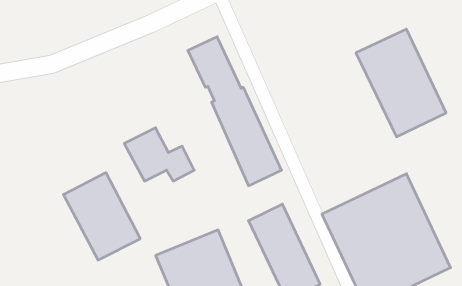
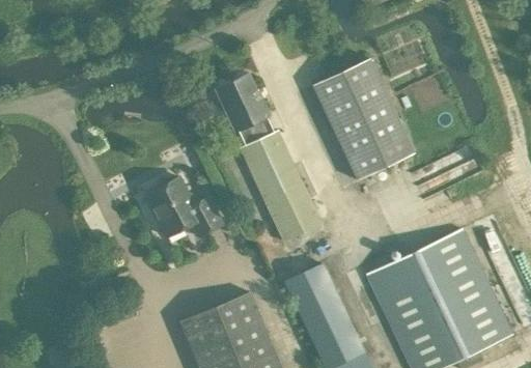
building: [356,29,446,137] -> [313,59,415,180]
building: [63,173,140,260] -> none

